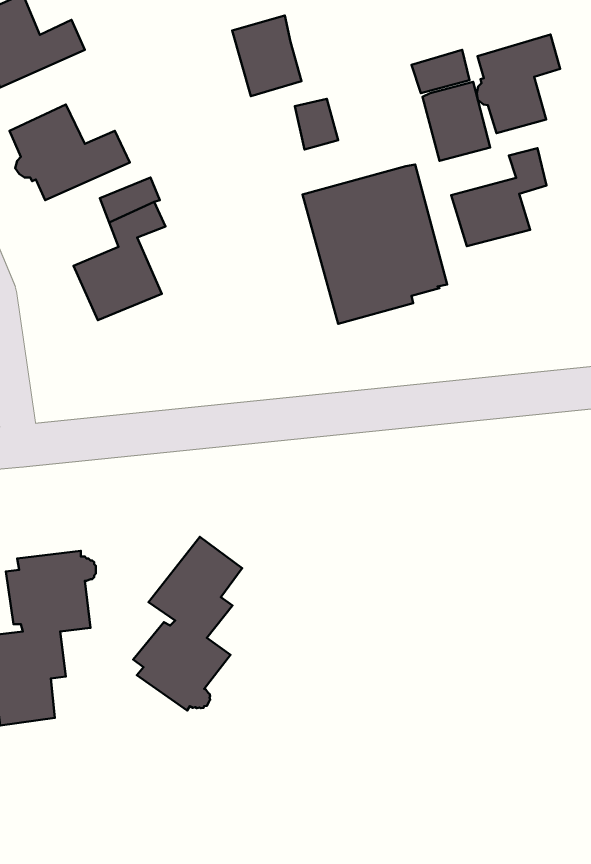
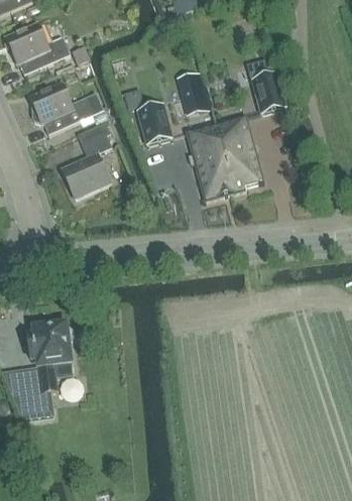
building: [232,16,302,96] -> [136,101,173,144]
building: [477,34,560,133] -> none
building: [451,148,547,246] -> none
building: [133,537,242,710] -> none

